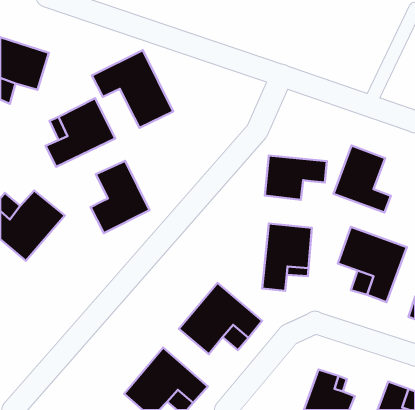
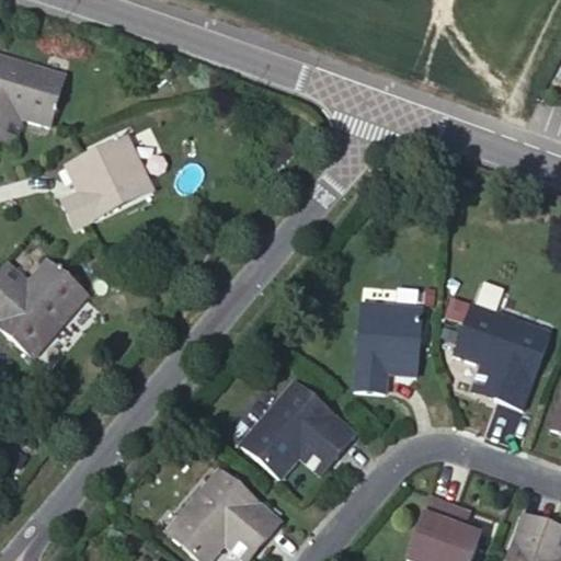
building: [92,50,173,128] -> none
building: [333,146,391,213] -> none
building: [265,155,327,200] -> none
building: [91,161,150,233] -> none

